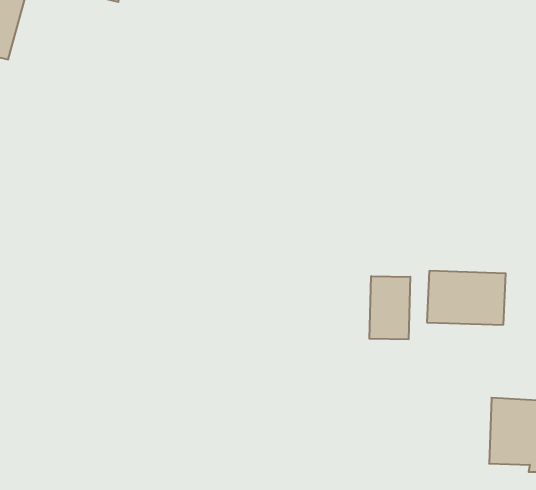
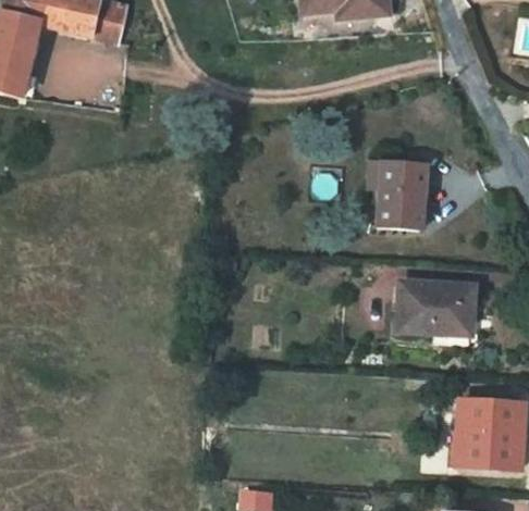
building: none -> [369,160,428,226]
building: [369,276,410,339] -> none

